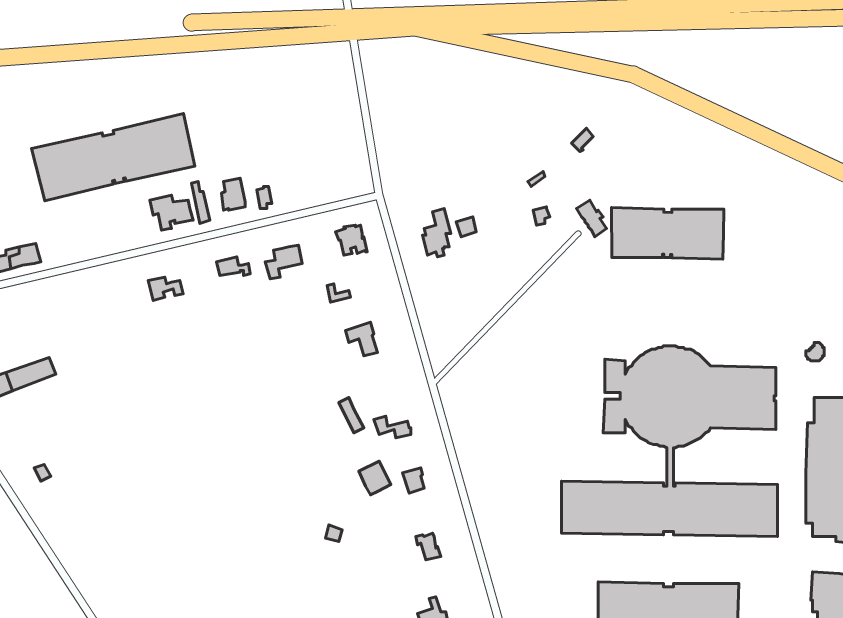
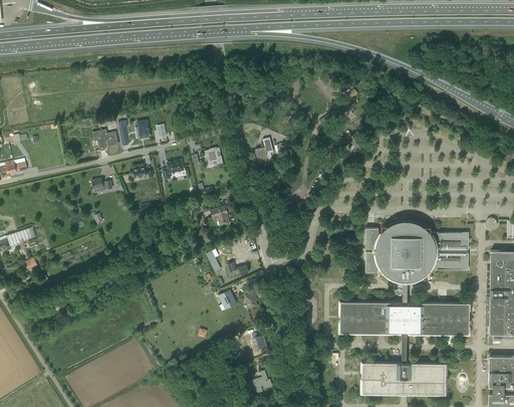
building: [32,113,195,201] -> none
building: [612,208,724,259] -> none

